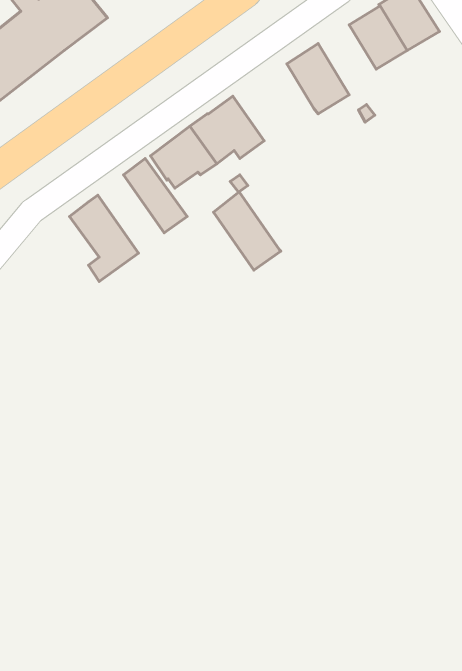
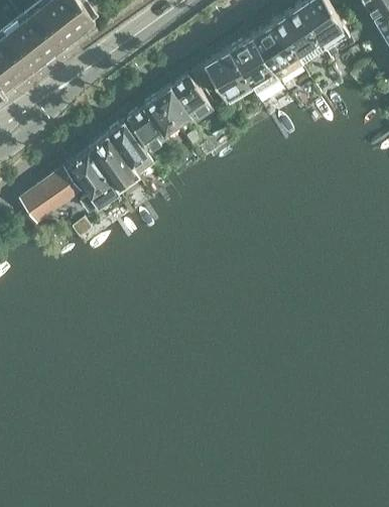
building: none -> [250,22,297,76]
building: none -> [191,51,248,101]
building: [213,192,281,270] -> [87,135,137,194]
building: none -> [18,170,78,224]

